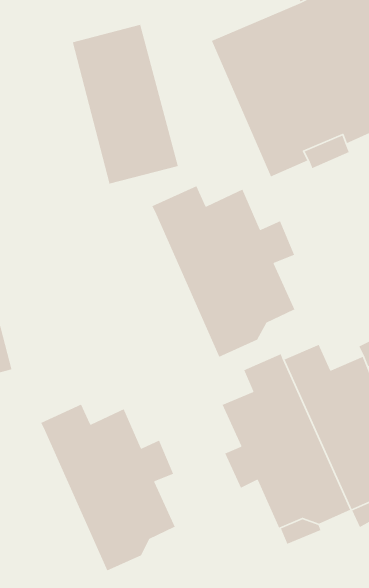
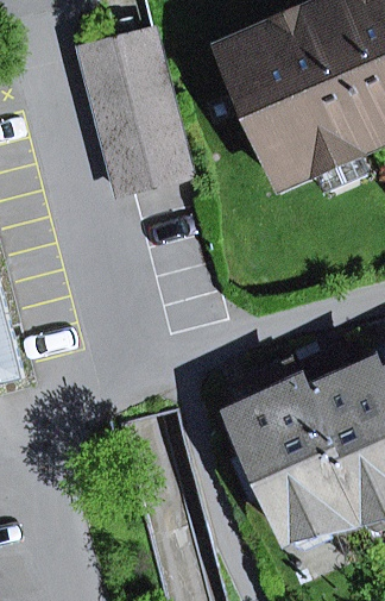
building: [151,185,296,358] -> none
building: [40,403,176,571] -> none

